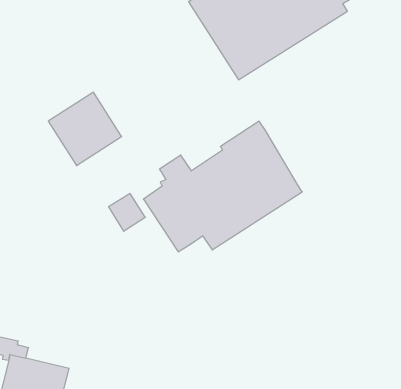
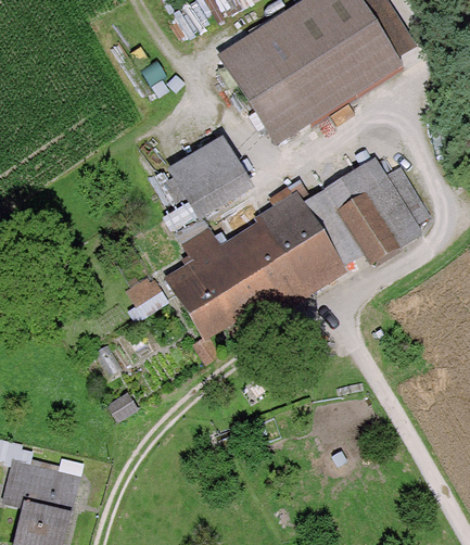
building: none -> [307,151,430,265]
building: [48,92,122,166] -> [167,135,252,219]

